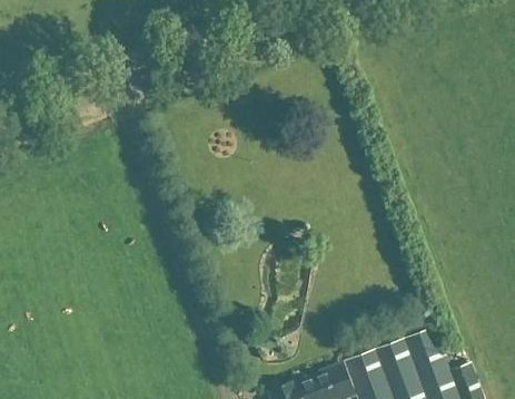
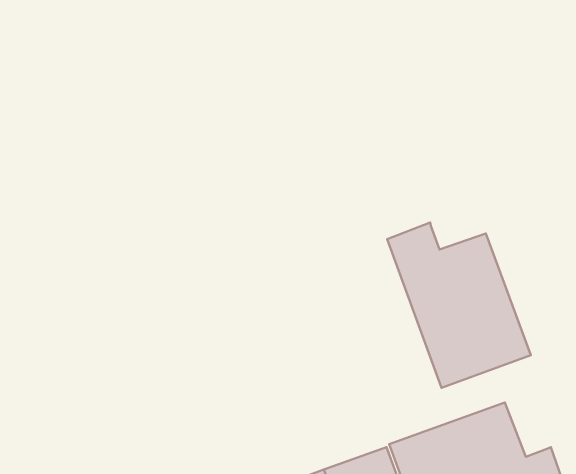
building: none -> [387,223,531,388]

